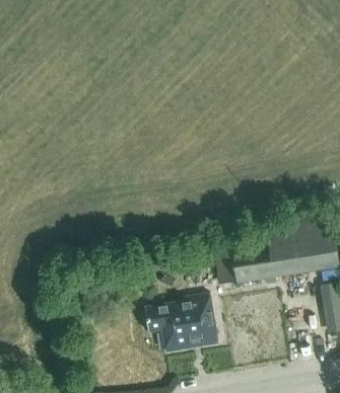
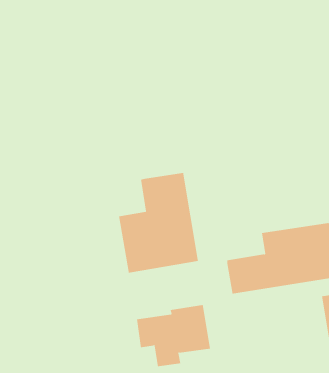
building: none -> [119,172,198,273]

